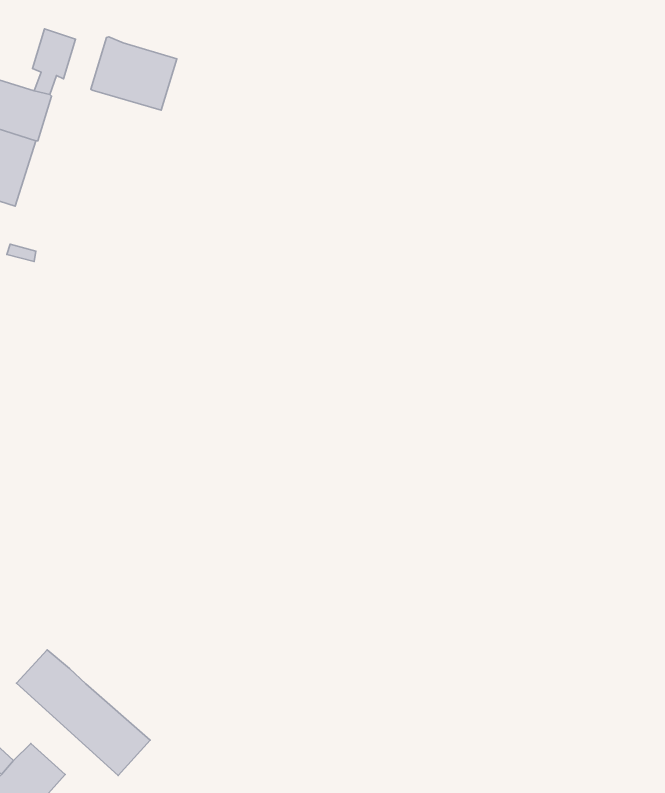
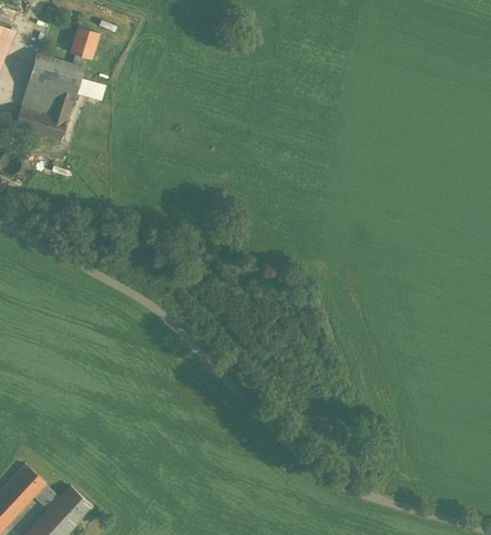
building: [91,37,177,110] -> none
building: [17,650,150,776] -> none

